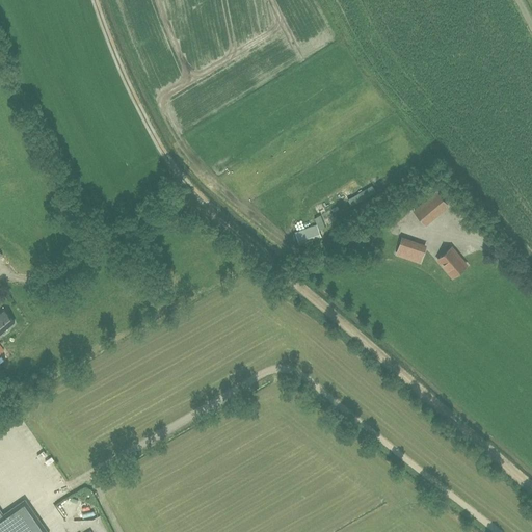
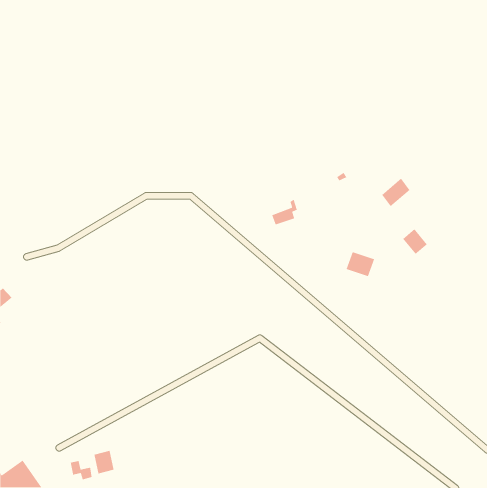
building: [395,238,427,266] -> [345,251,375,277]
building: none -> [93,450,115,474]

